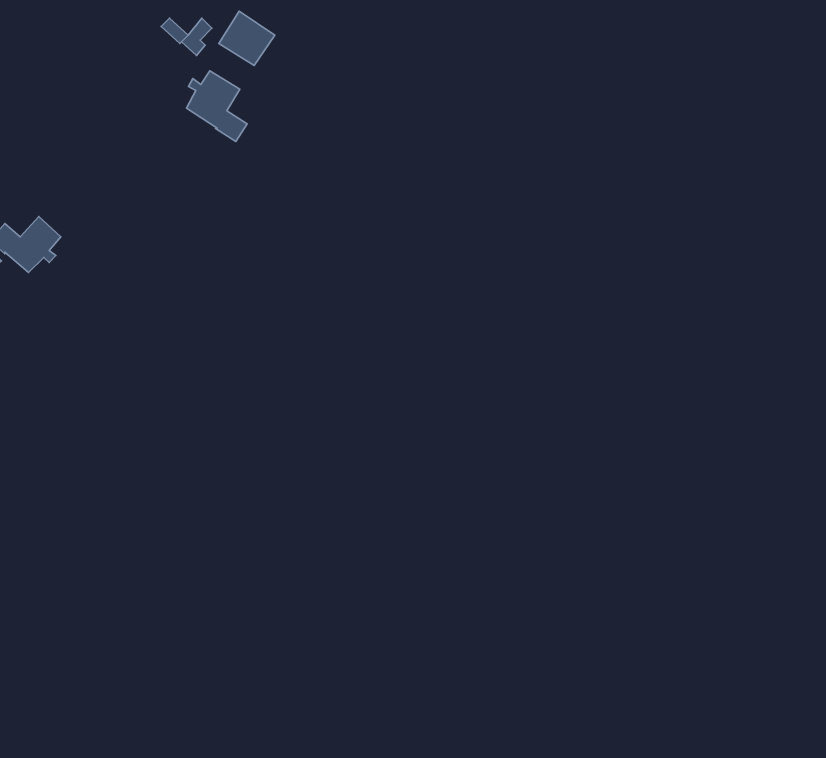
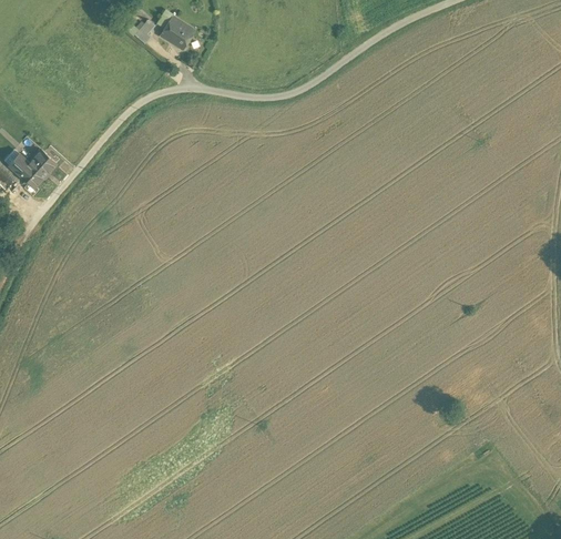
building: [186,71,247,142] -> none

